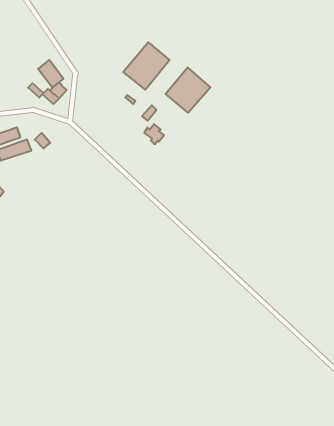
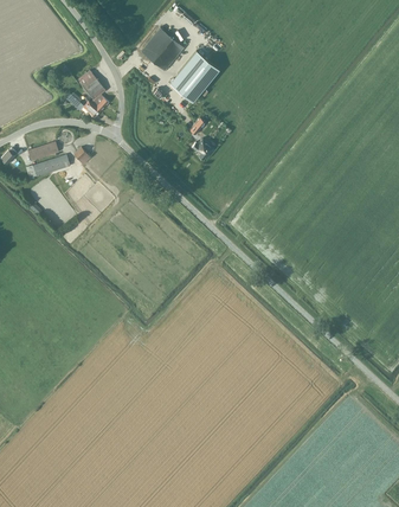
building: none -> [141,27,185,70]
building: [166,67,210,113] -> none

